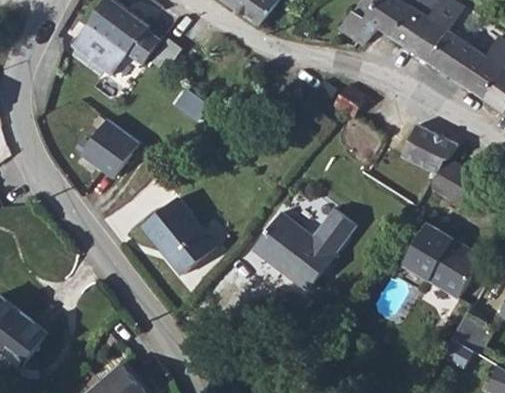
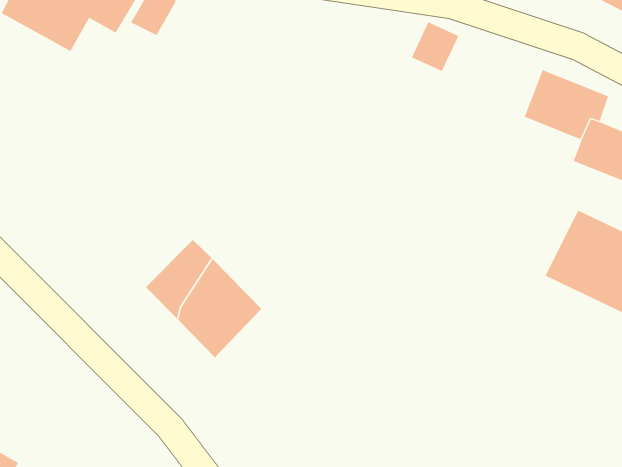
building: [76,122,134,183] -> none
building: [255,211,357,292] -> none

